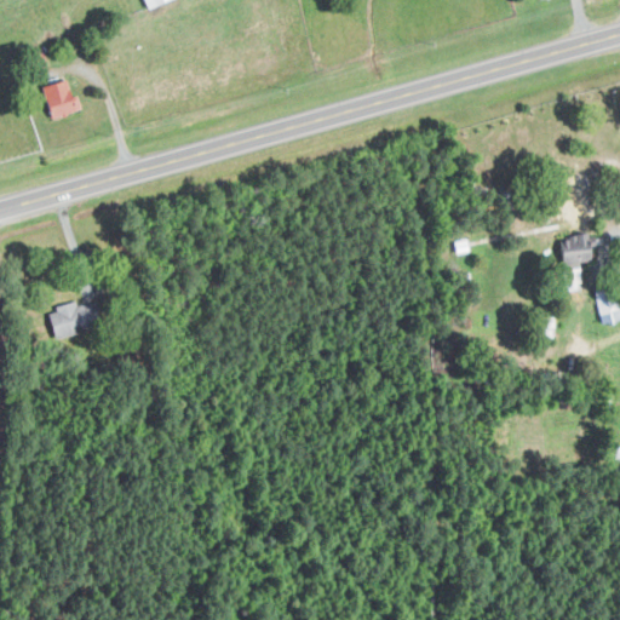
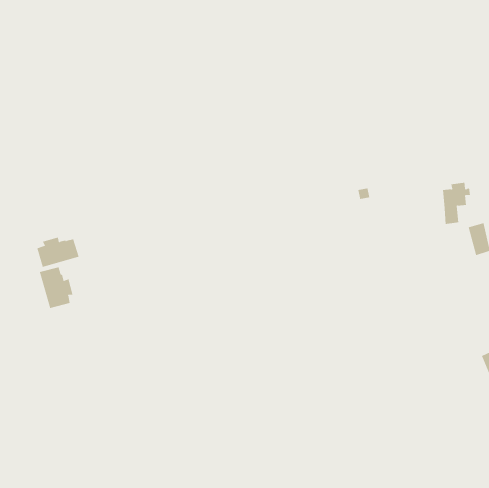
building: [45,80,82,120] -> none
building: none -> [39,266,73,309]

